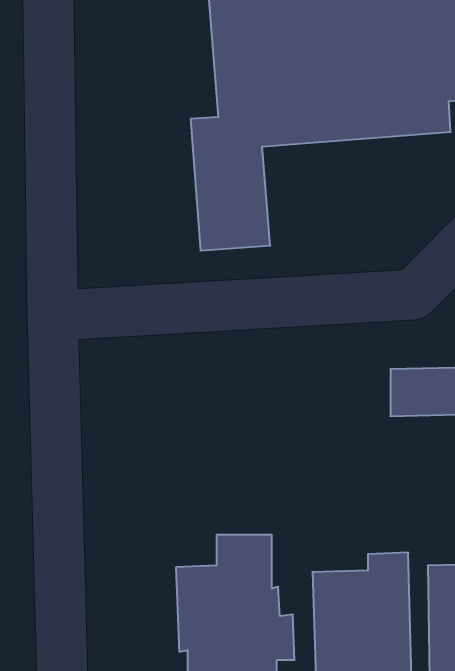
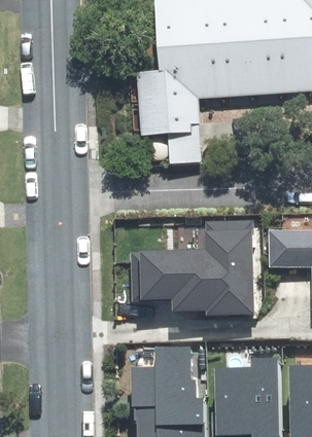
building: none -> [131,227,250,319]

